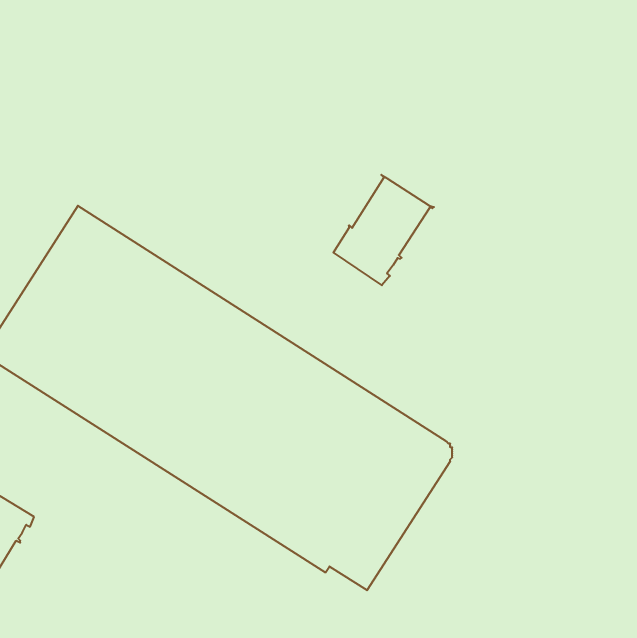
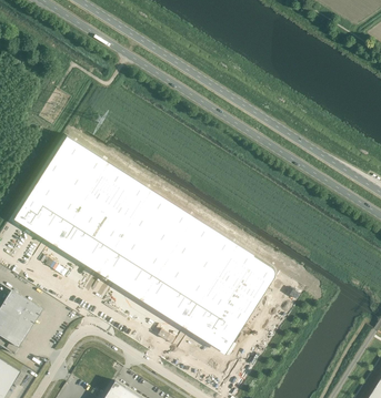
building: [333,175,434,285] -> none

